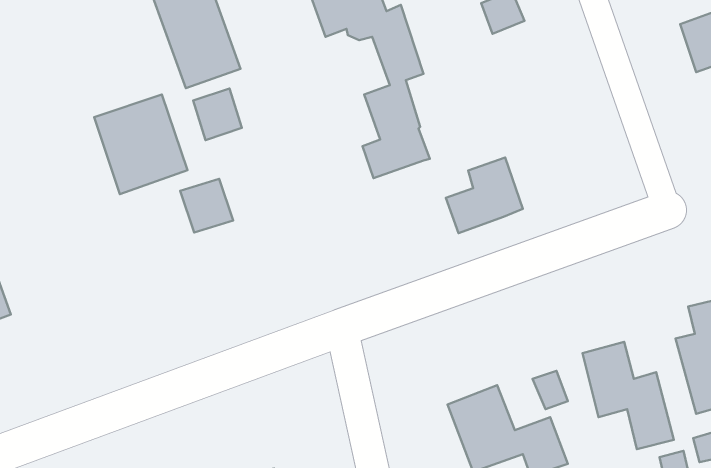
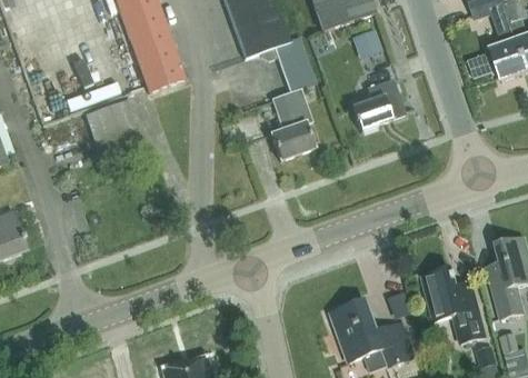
building: [193,88,242,140] -> none
building: [446,158,523,233] -> [350,78,404,130]
building: [180,179,233,232] -> none

